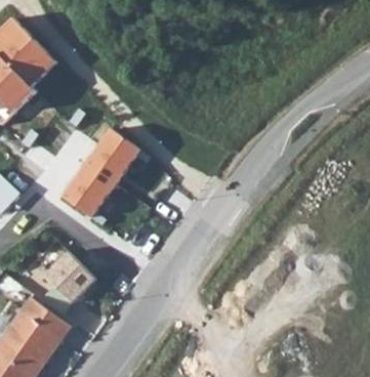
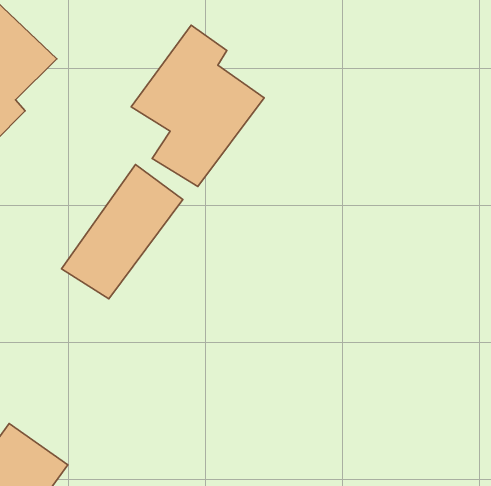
building: none -> [131,25,264,186]
building: [41,252,93,303] -> none

